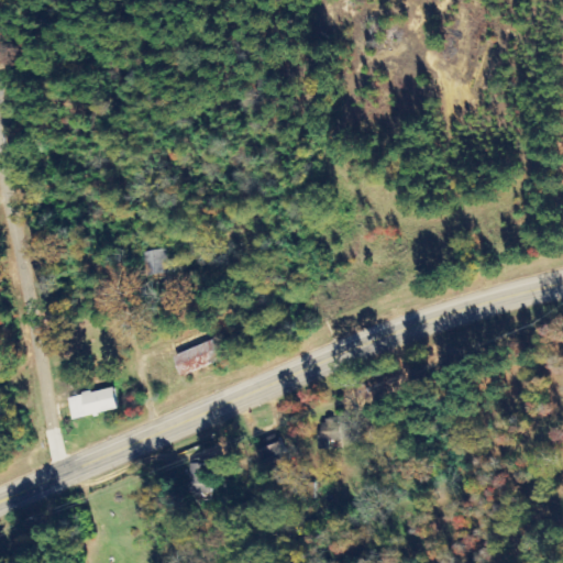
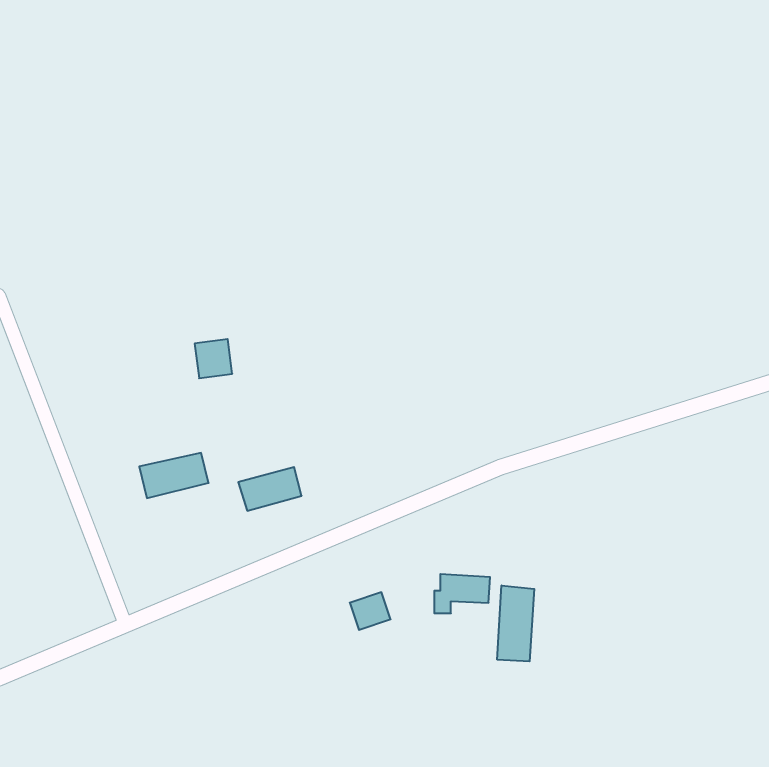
building: [67,386,118,419] -> [139,453,209,498]
building: none -> [497,585,534,661]

